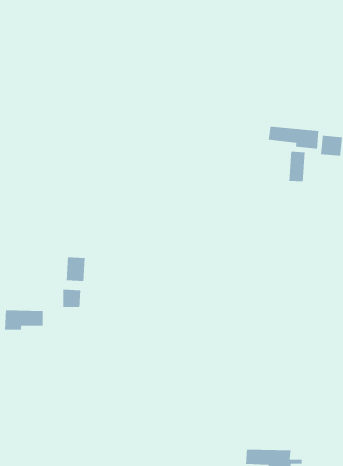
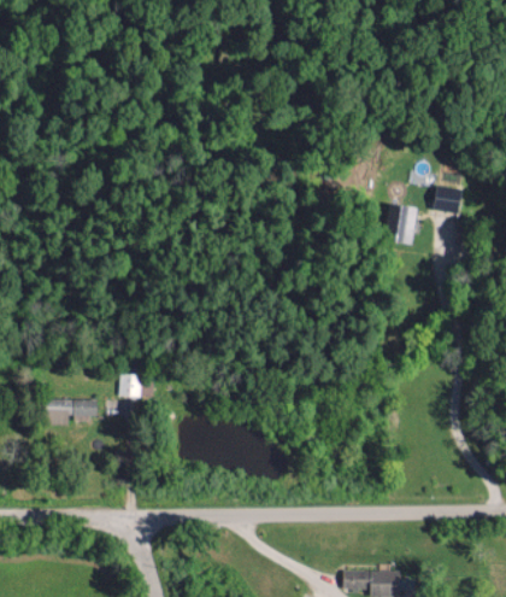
building: [268,126,319,150] -> none
building: [66,257,85,282] -> none

